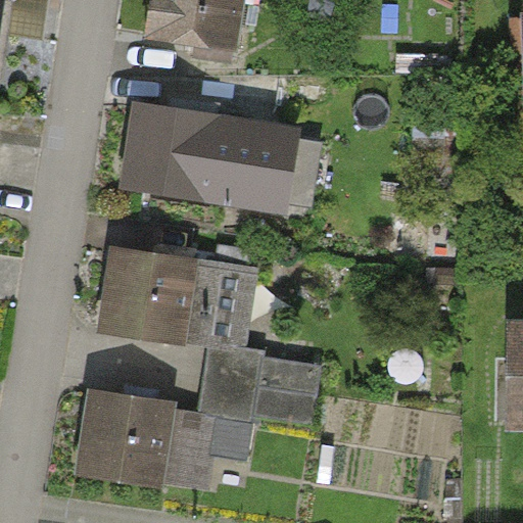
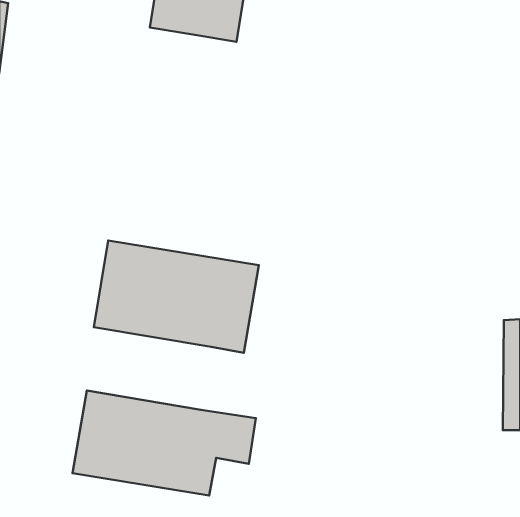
building: [127,110,291,208] -> none
building: [201,347,322,428] -> none

